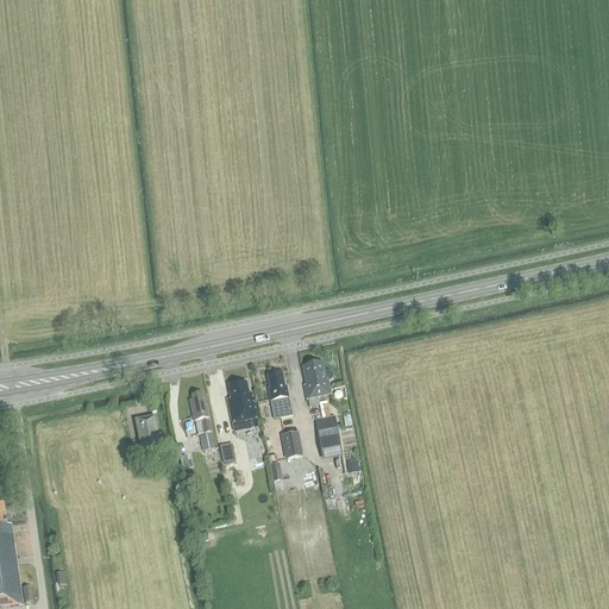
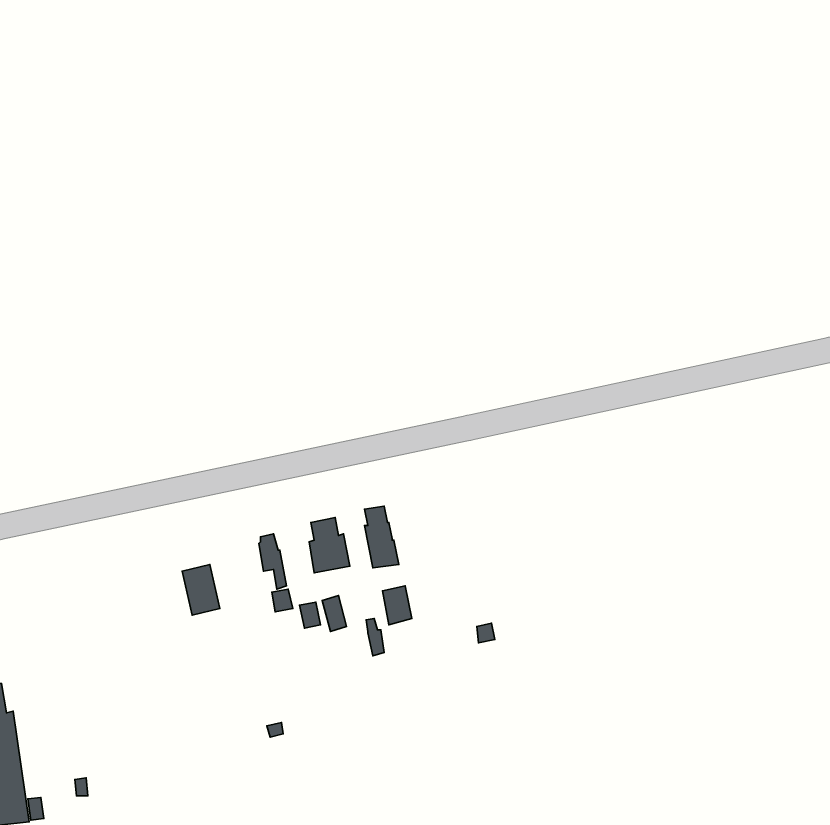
building: [302,360,331,395] -> none
building: [314,413,341,458] -> none

